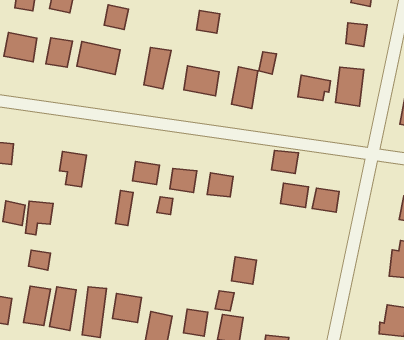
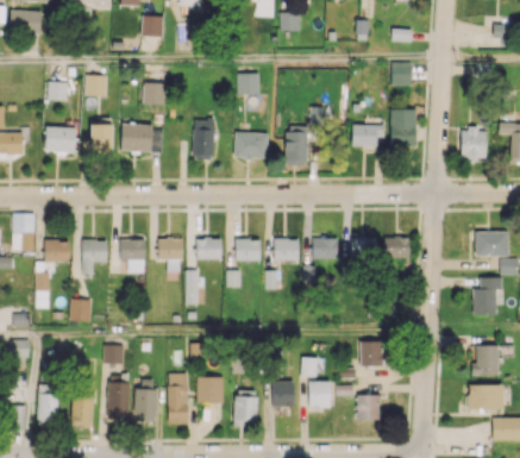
building: [271,150,298,173] -> [313,237,338,258]
building: none -> [158,238,182,272]
building: [26,201,53,235] -> [82,239,107,274]
building: [231,257,257,284] -> [361,340,383,365]

